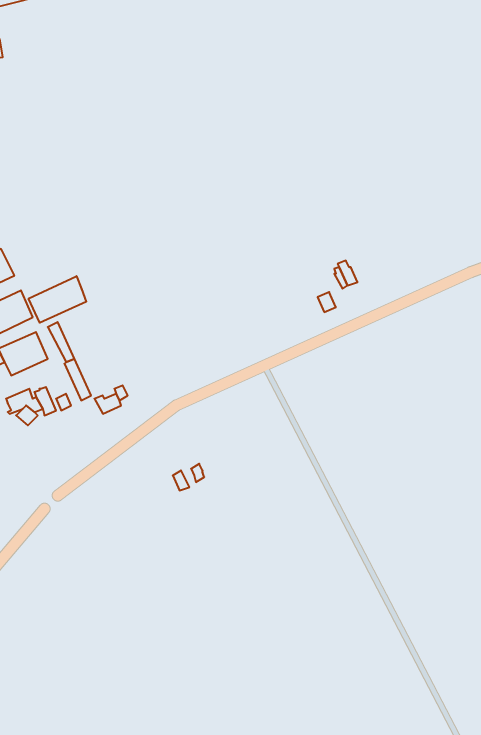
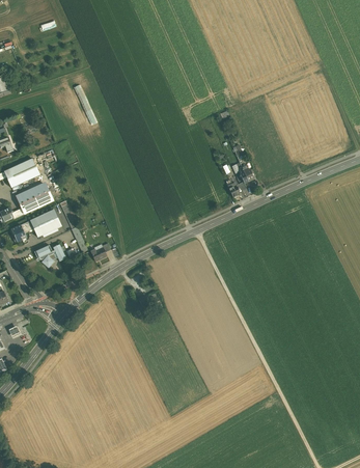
building: [29,276,86,323] -> none

